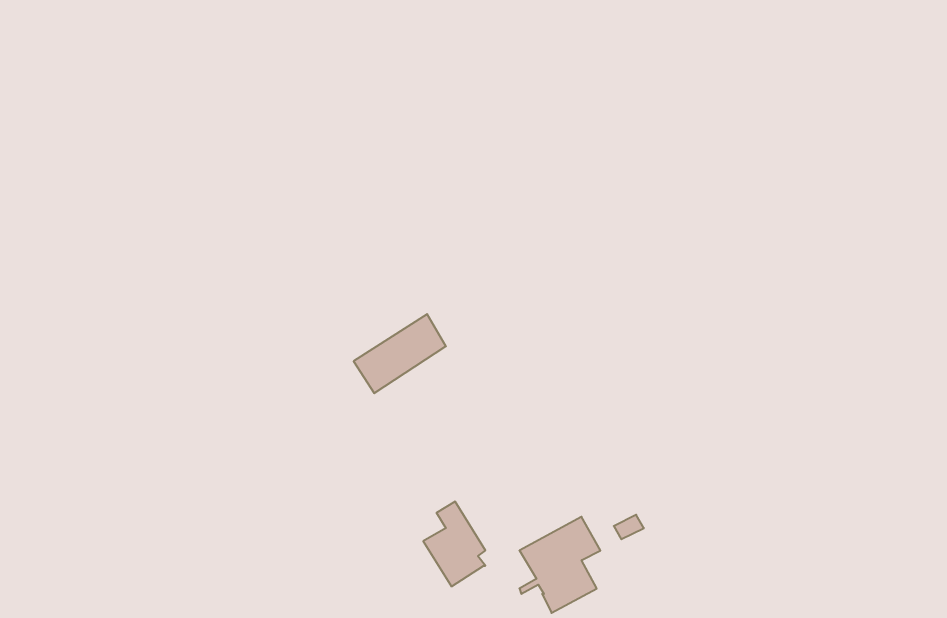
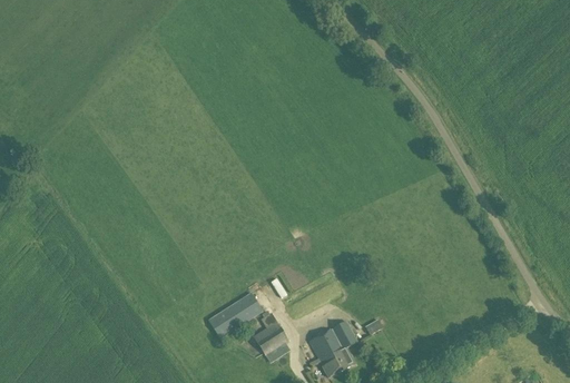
building: [354,314,446,393] -> [207,292,262,338]

